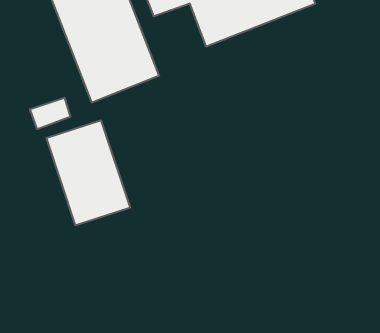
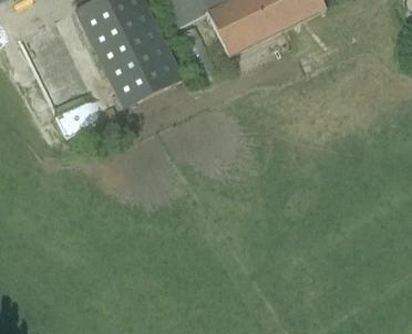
building: [46,120,130,225] -> none

